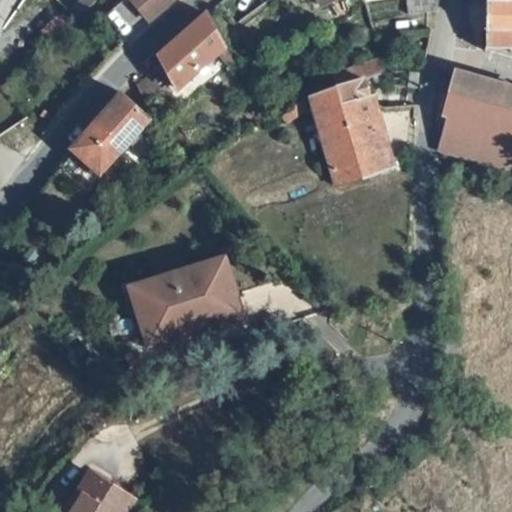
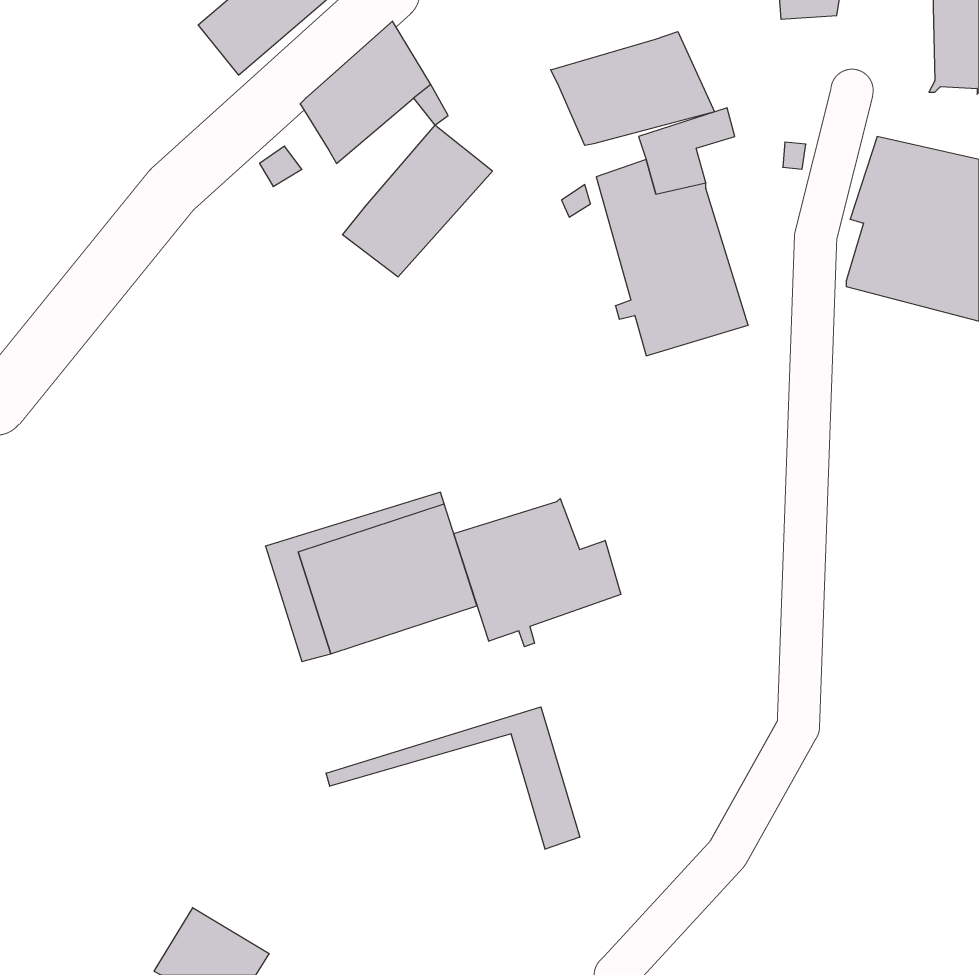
building: none -> [551,32,715,145]
building: [69,92,147,171] -> [342,125,492,277]
building: none -> [454,499,621,647]
building: none -> [326,707,580,849]

